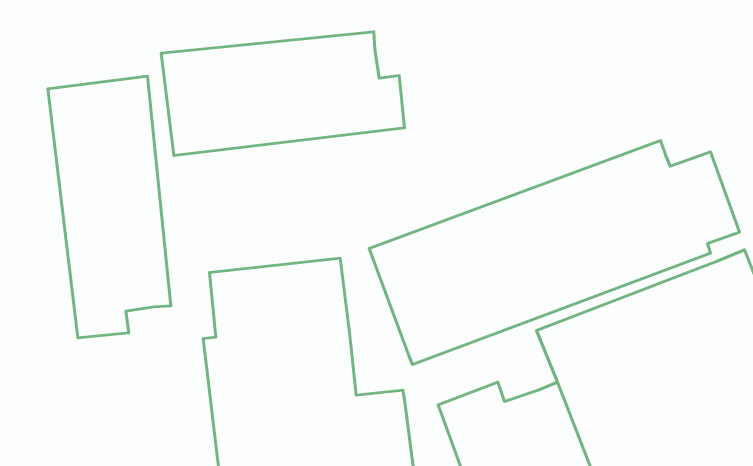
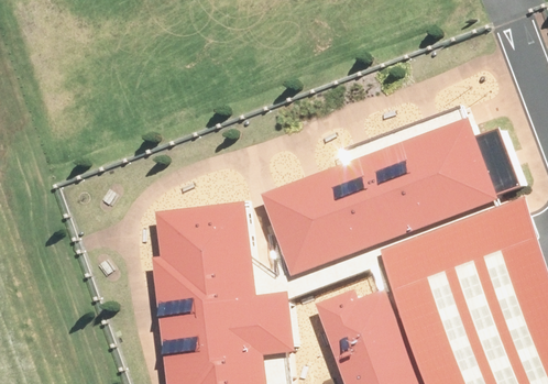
building: [161,32,404,155] -> none
building: [48,76,171,338] -> none

